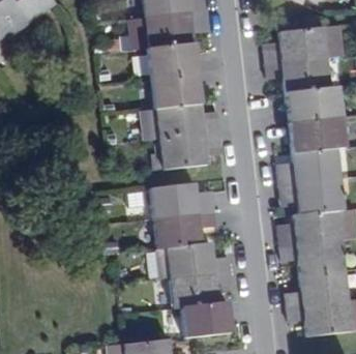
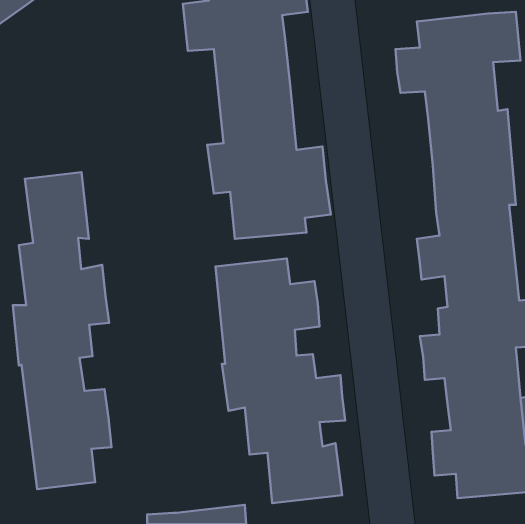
building: none -> [13,172,111,489]

